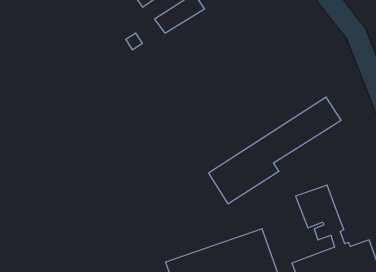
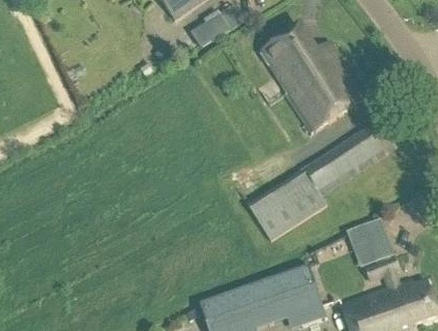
building: none -> [260,25,364,132]

